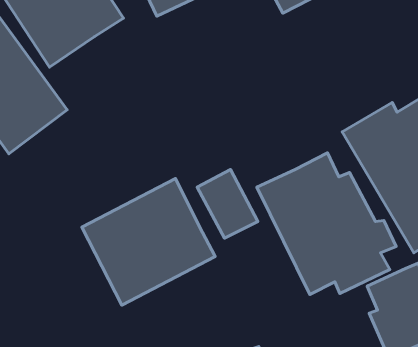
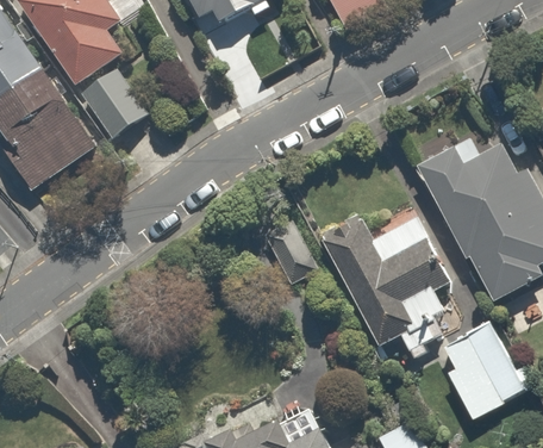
building: none -> [80,69,145,141]
building: [82,178,215,305] -> none

